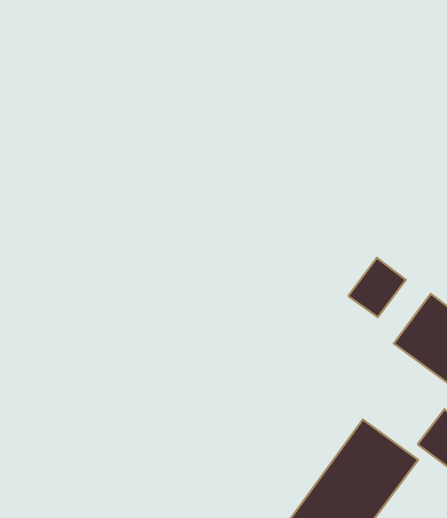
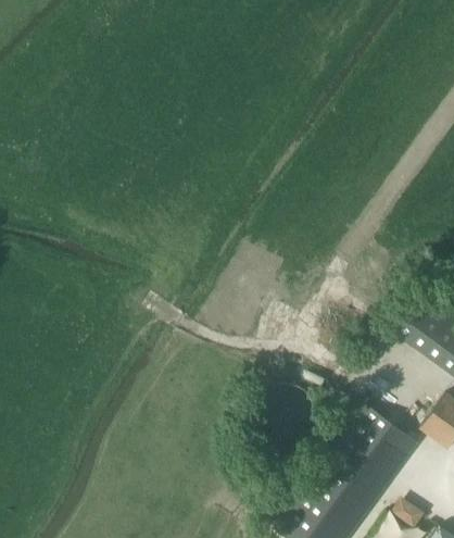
building: [349,258,406,317] -> none

